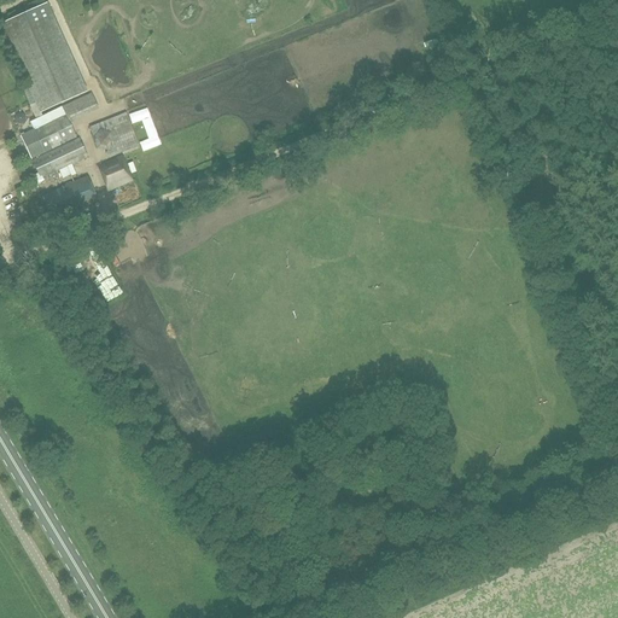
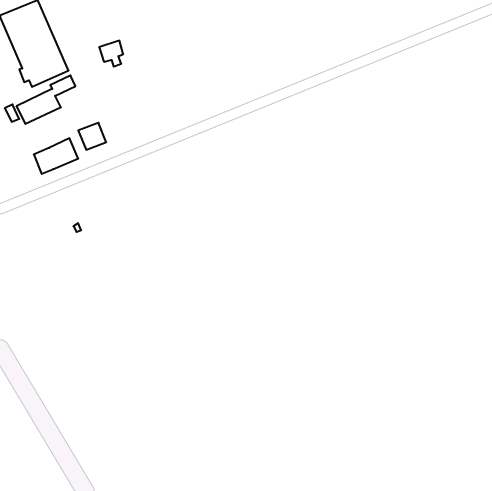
building: [95,112,126,145] -> [99,41,123,67]
building: [34,135,88,175] -> none

